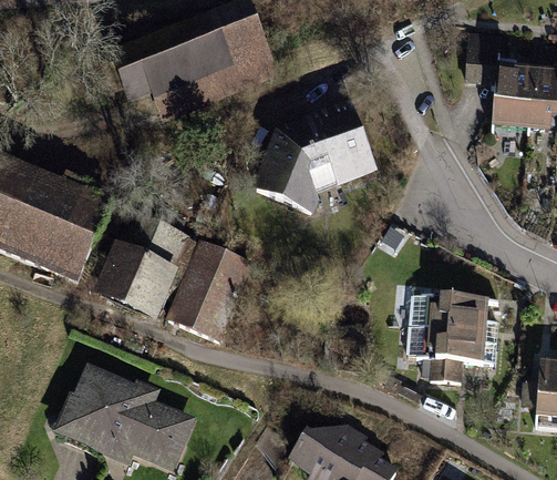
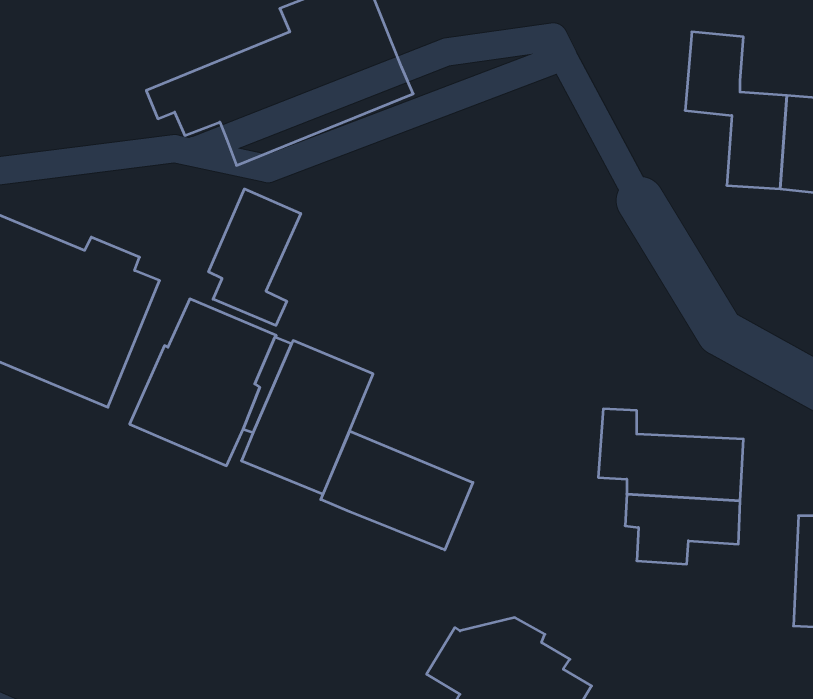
building: [252,99,379,212] -> none
building: none -> [209,189,301,325]
building: none -> [321,431,473,550]
building: [52,361,198,470] -> none

